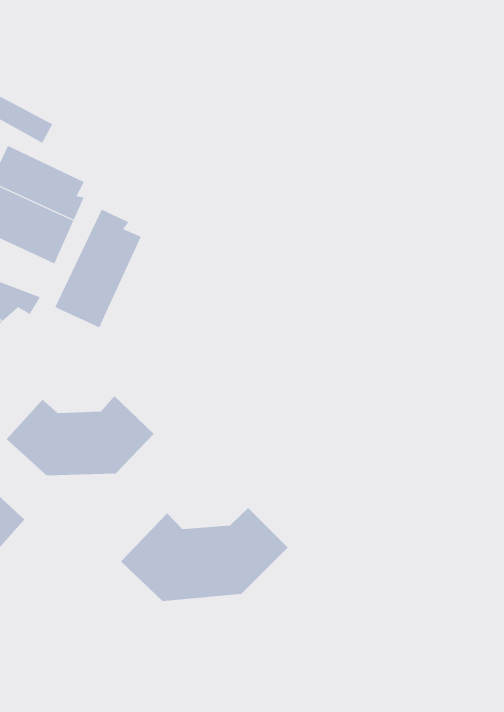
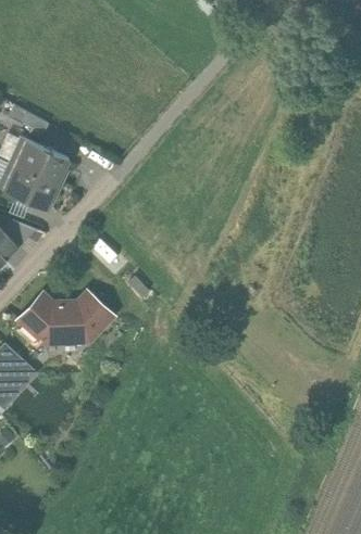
building: [54,209,142,328] -> none
building: [120,507,288,602] -> none

